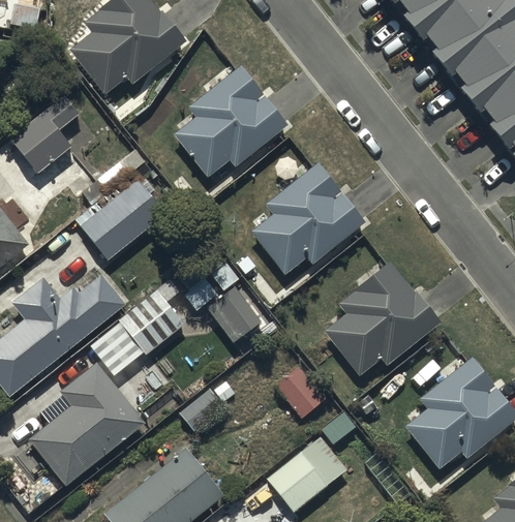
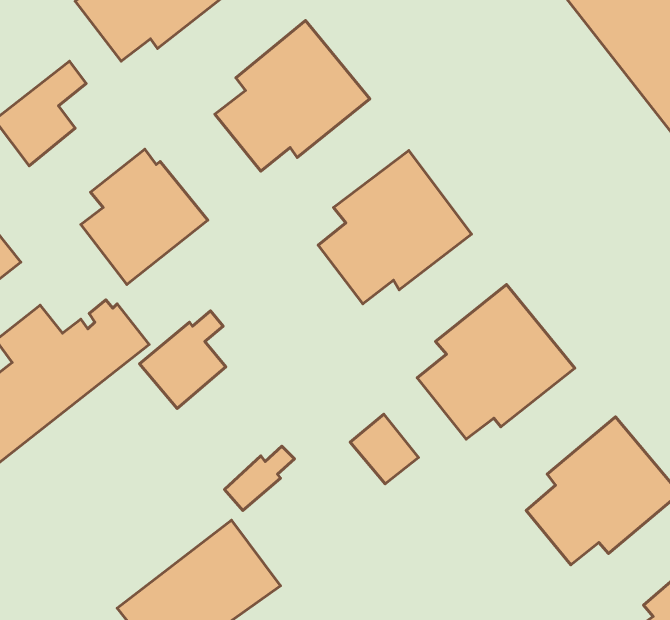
building: [208,288,262,343] -> none
building: [30,355,145,477] -> none
building: [265,426,349,505] -> none

